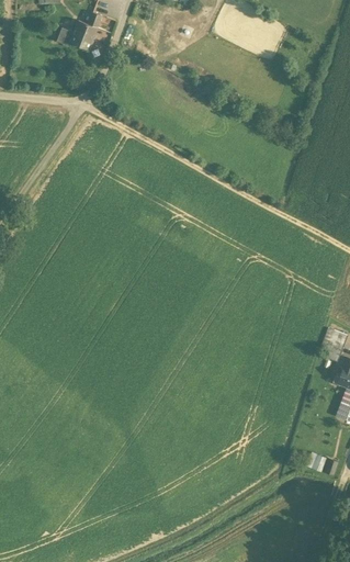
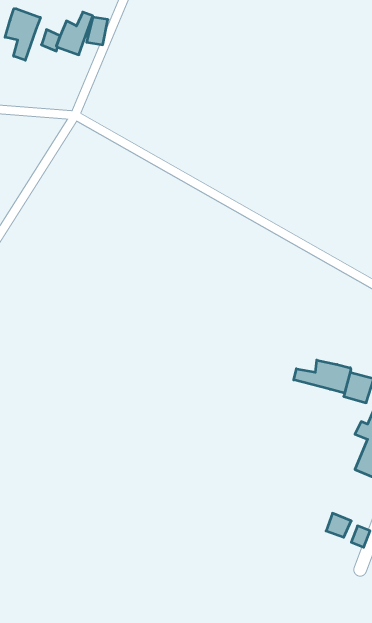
building: none -> [5,9,40,60]
building: none -> [294,360,351,393]

